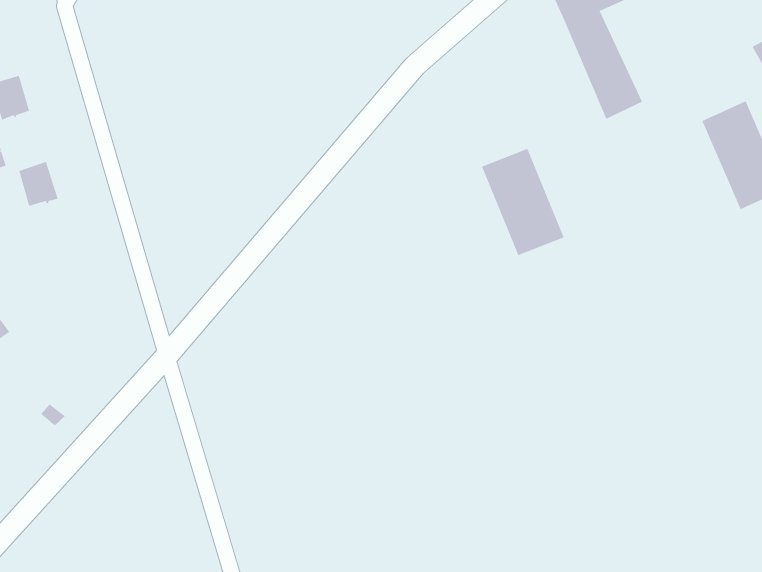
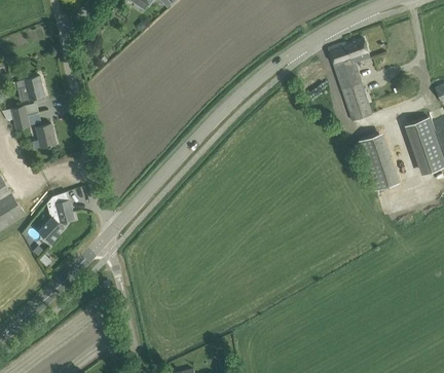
building: [481,148,565,256] -> [357,133,399,190]
building: none -> [37,199,74,243]

